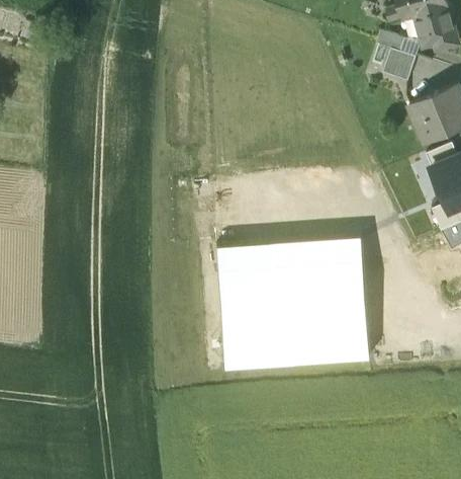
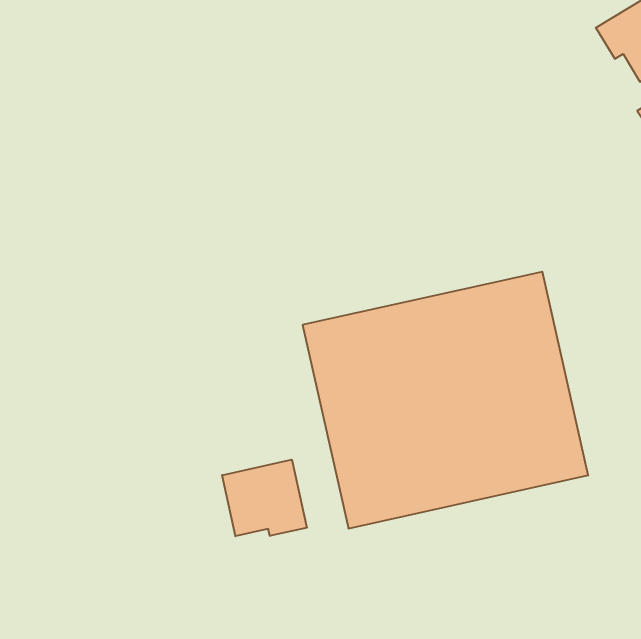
building: none -> [222,460,307,536]

